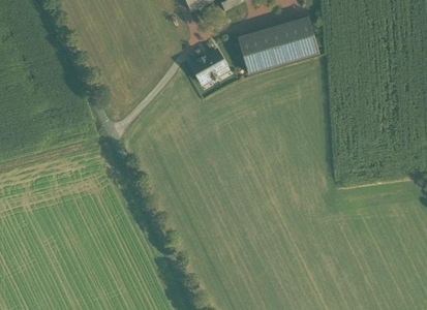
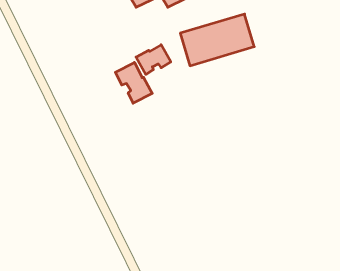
building: none -> [115,62,152,103]

